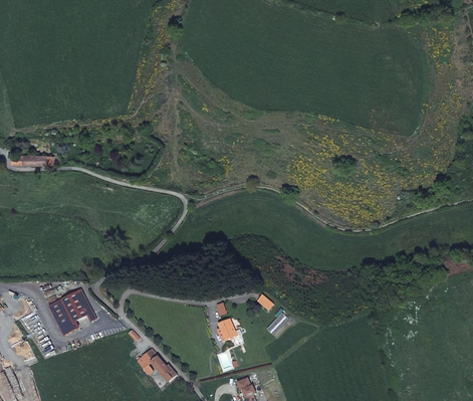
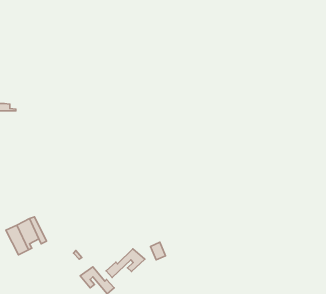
building: none -> [106,249,145,277]

